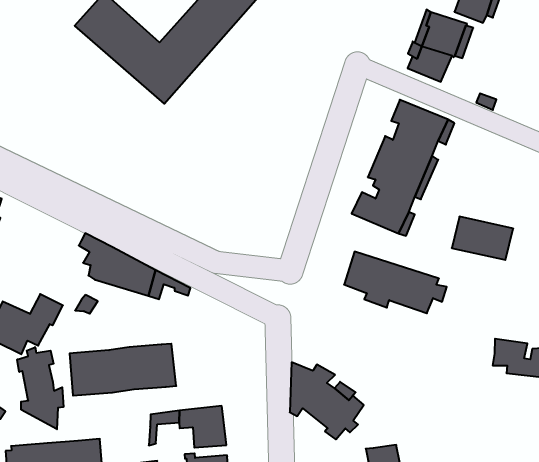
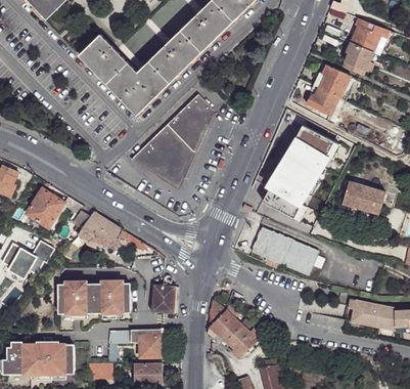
building: none -> [131,94,214,189]
building: [452,217,513,260] -> [343,181,386,214]
building: none -> [27,189,64,227]
building: none -> [151,274,175,313]
building: [17,347,63,429] -> none

